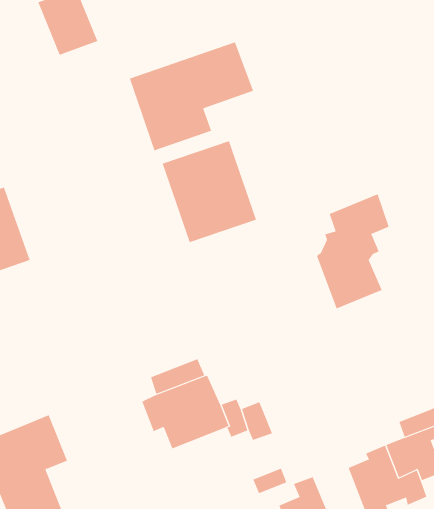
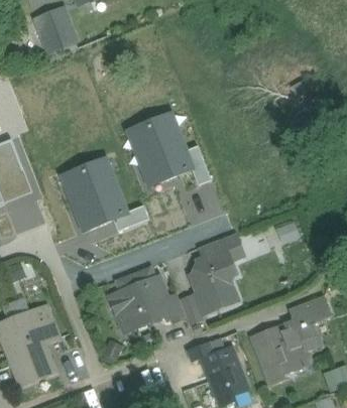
building: [129,42,254,151] -> none
building: [316,194,390,309] -> [191,232,242,312]
building: none -> [61,156,128,233]

